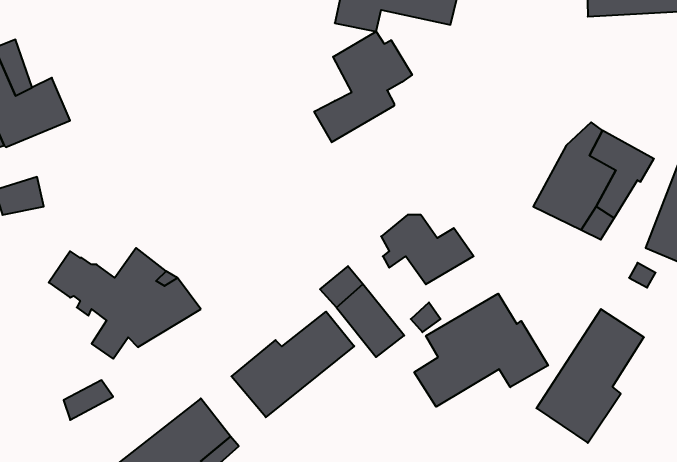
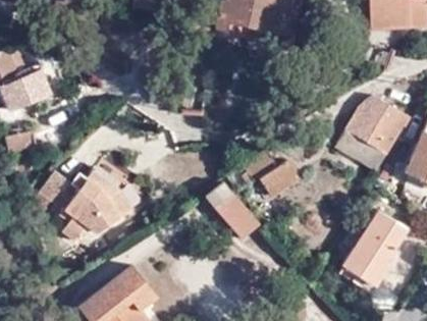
building: [314,31,412,142] -> none
building: [414,294,548,407] -> none
building: [231,312,354,417] -> none

